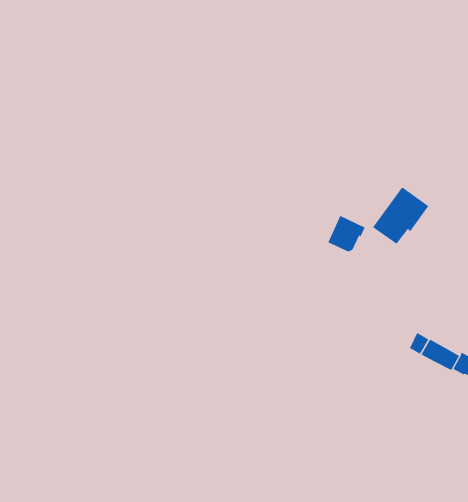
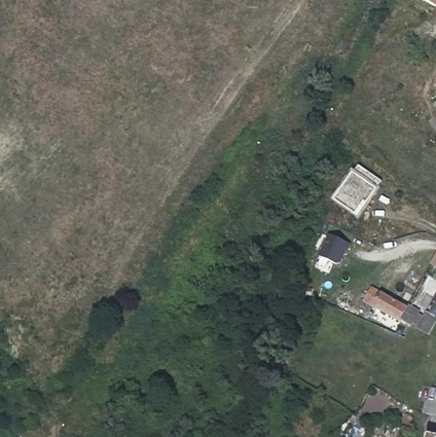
building: [327,215,366,252] -> [316,231,348,262]

